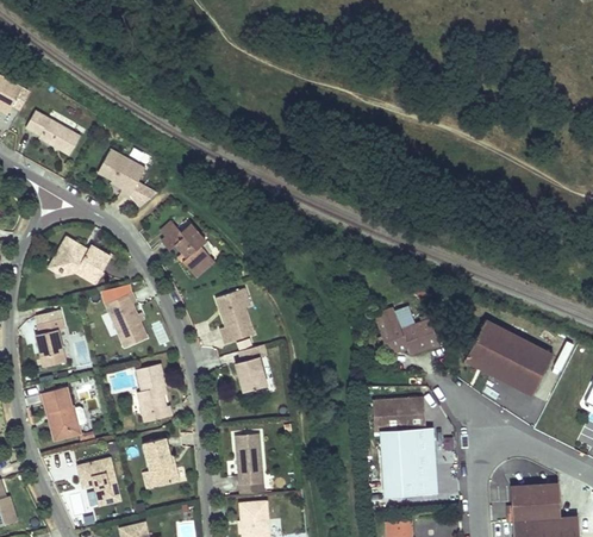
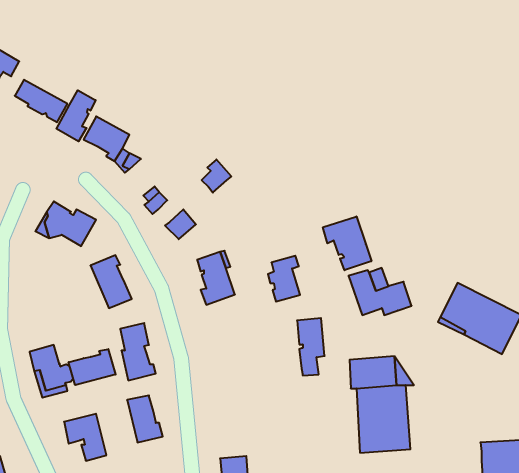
building: none -> [56,90,96,141]
building: [175,224,206,258] -> [202,159,231,193]
building: none -> [323,216,371,270]
building: [36,318,65,367] -> none
building: [235,344,268,392] -> [268,256,300,302]
building: none -> [69,349,116,385]
building: [235,433,263,493] -> [297,318,325,375]

